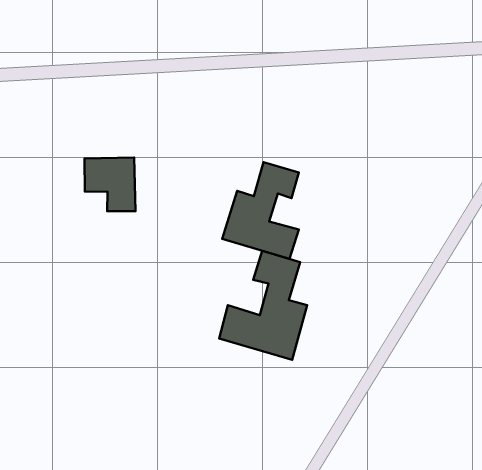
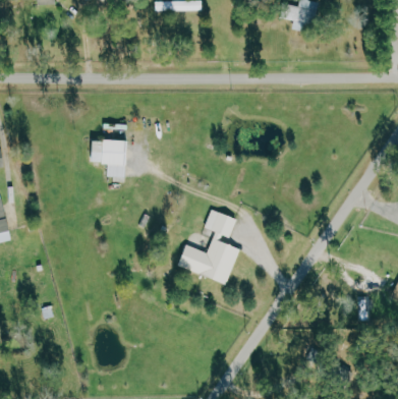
building: [222,162,299,259] -> none

